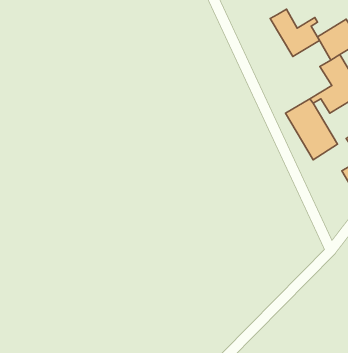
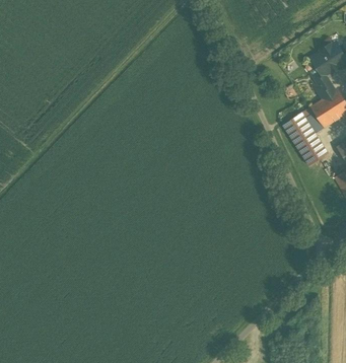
building: [270,9,320,56] -> none

